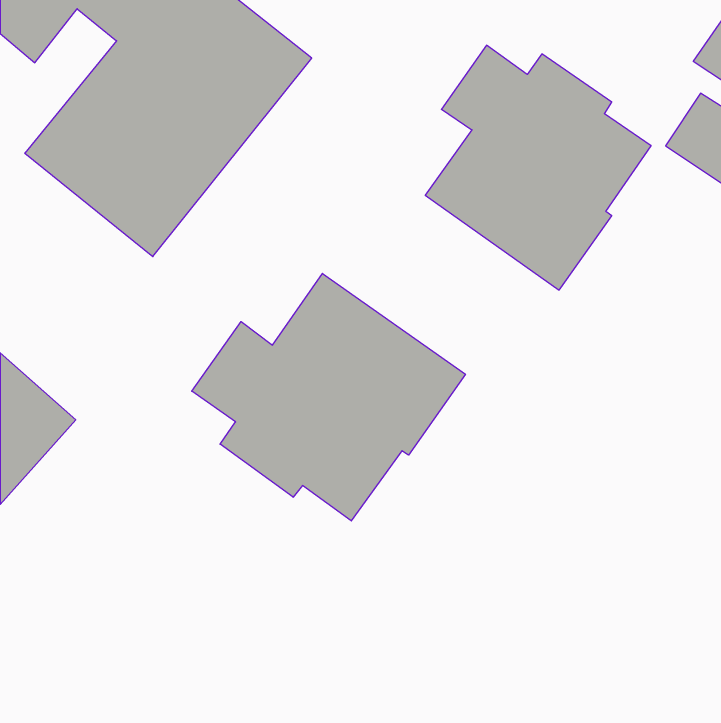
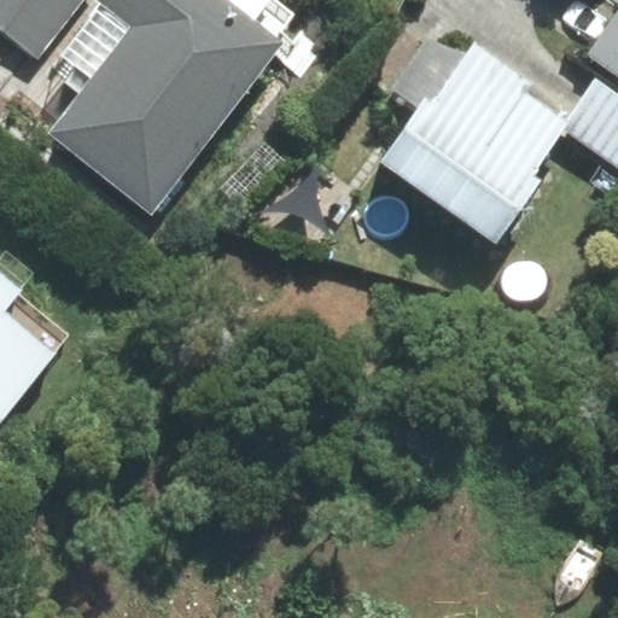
building: [192,273,465,521] -> none

